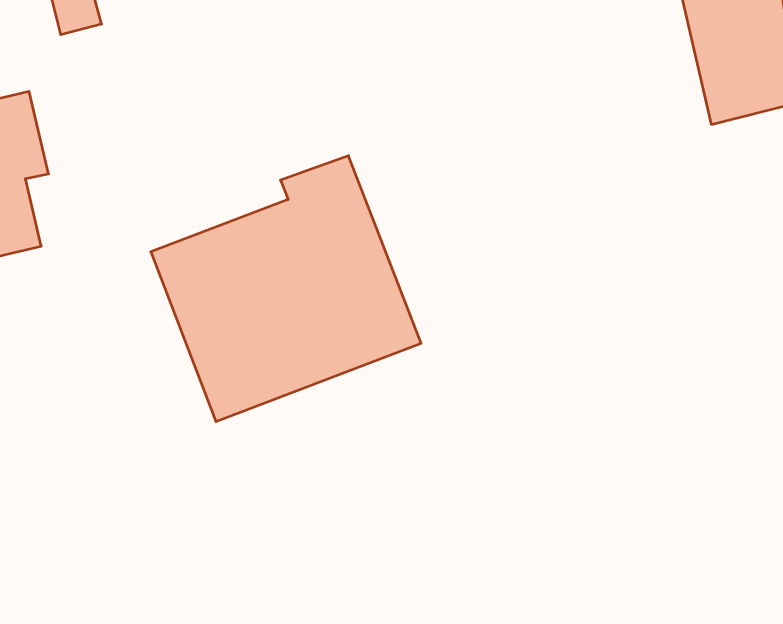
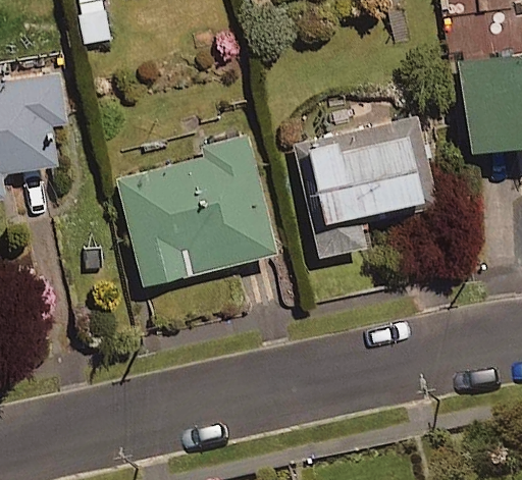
building: none -> [299,119,435,257]

